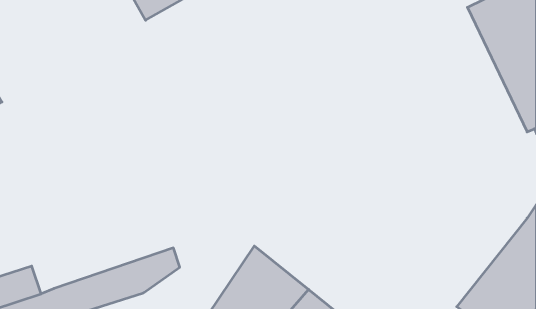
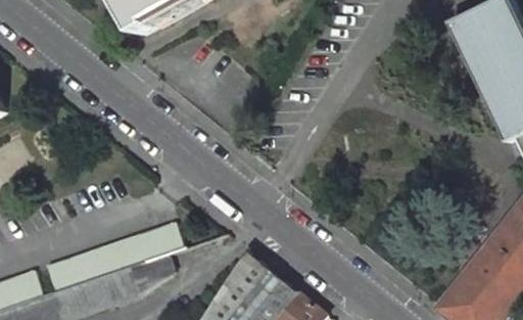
building: none -> [43,223,180,293]

